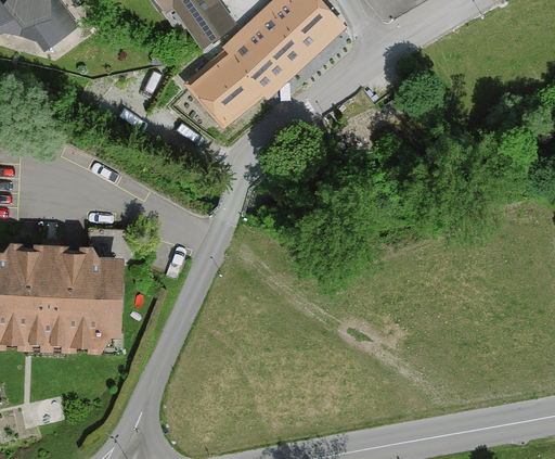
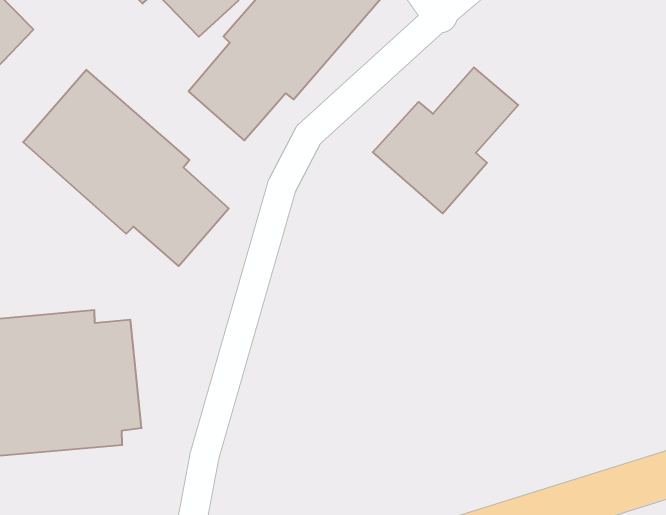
building: none -> [23,70,229,266]
building: none -> [373,67,518,213]

